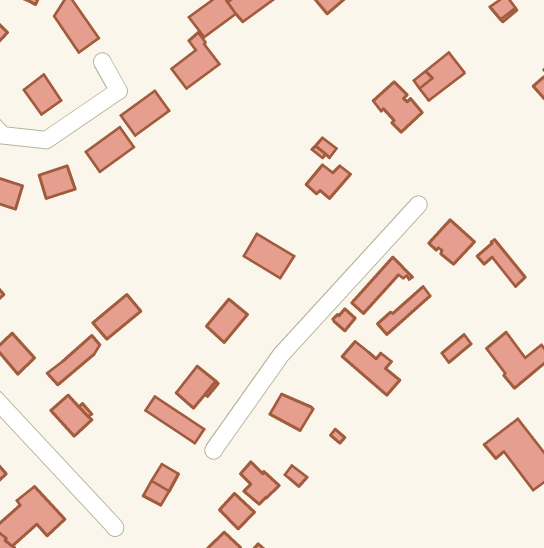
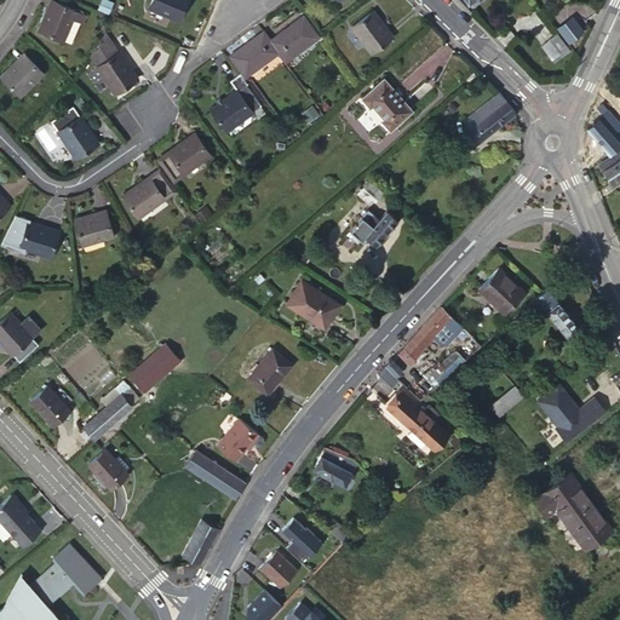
building: [373,82,422,132] -> [361,80,412,132]

